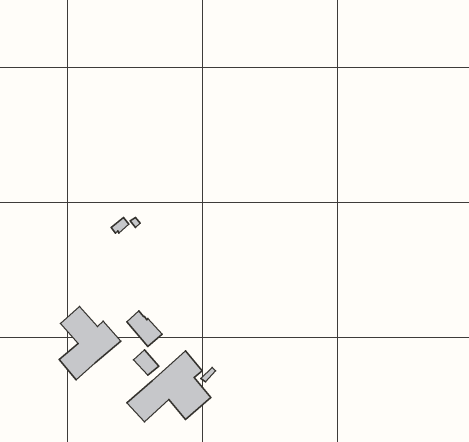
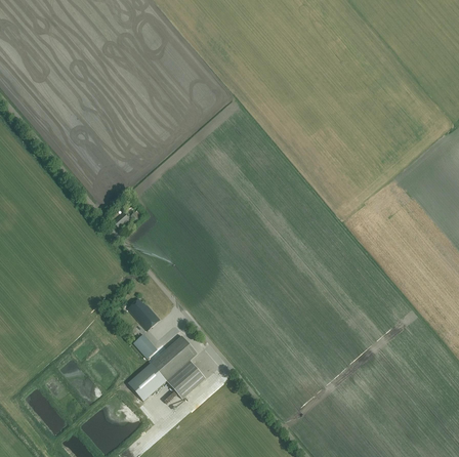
building: [59,307,121,380] -> none

